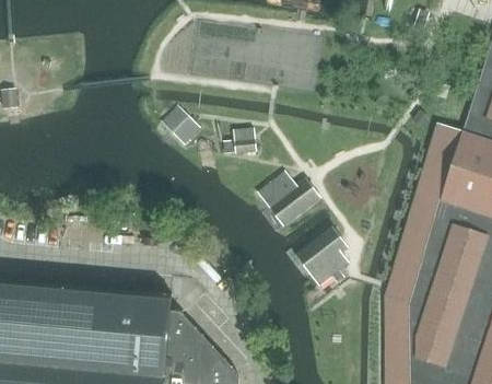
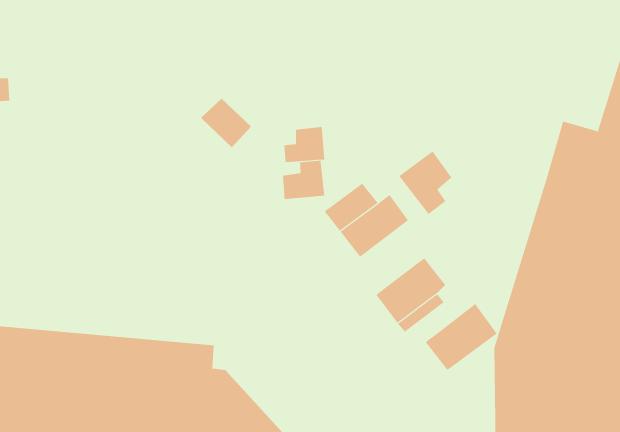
building: none -> [399,150,452,215]
building: none -> [282,160,325,200]
building: none -> [425,303,498,371]

